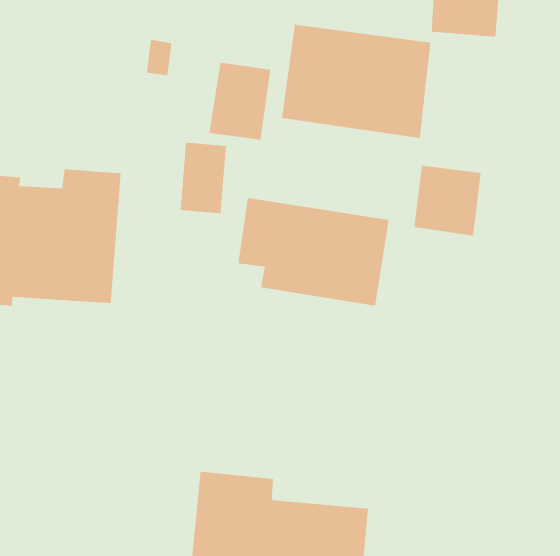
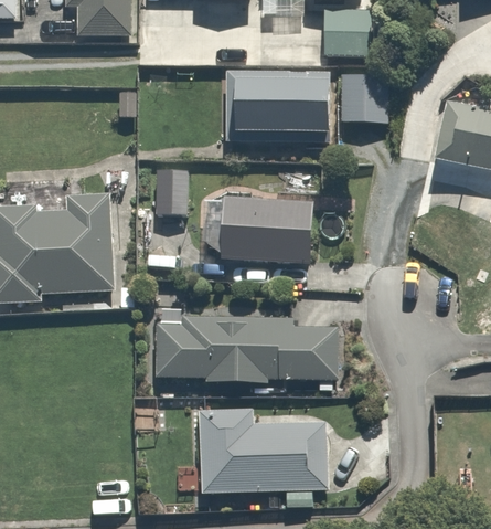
building: [209,62,271,141] -> none
building: [414,165,482,236] -> [339,73,384,120]
building: none -> [154,315,337,382]

